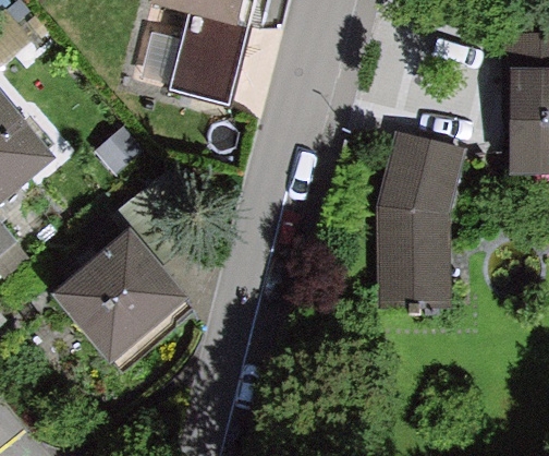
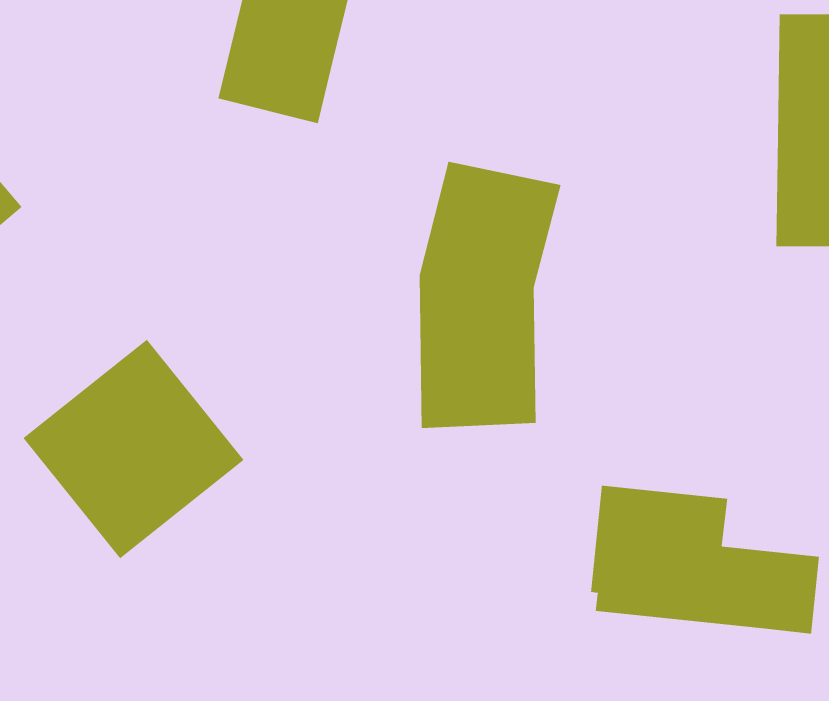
building: [380,137,466,299] -> [419,161,562,429]
building: none -> [590,485,819,635]

